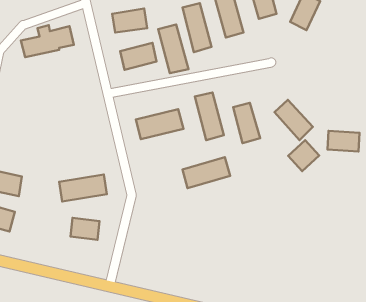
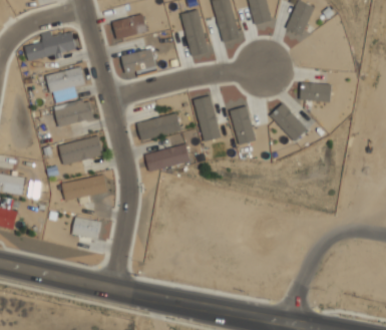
building: [158,24,189,73] -> none
building: none -> [46,67,85,93]
building: none -> [54,101,93,126]
building: none -> [58,132,106,168]
building: [328,131,360,152] -> [300,82,331,102]
building: [288,140,319,171] -> none
building: [182,157,230,188] -> [144,142,190,173]

